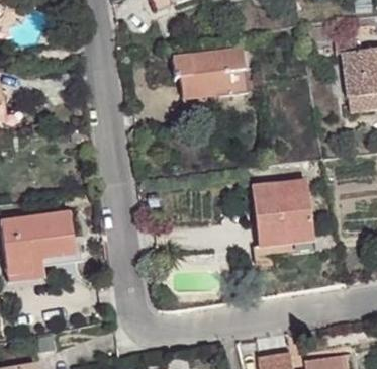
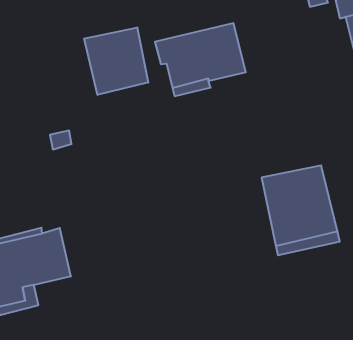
building: none -> [84,27,148,95]

